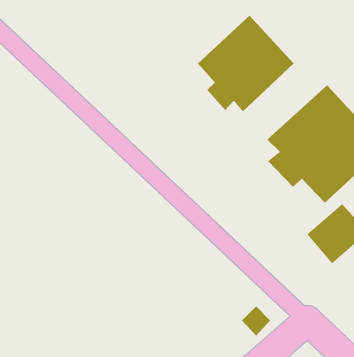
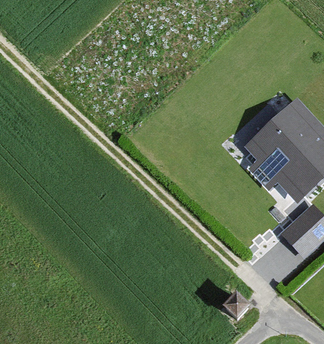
building: [197,15,294,112] -> none

